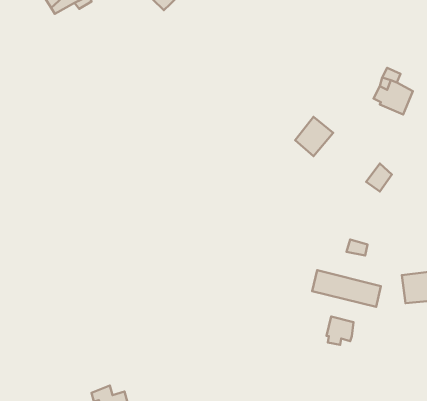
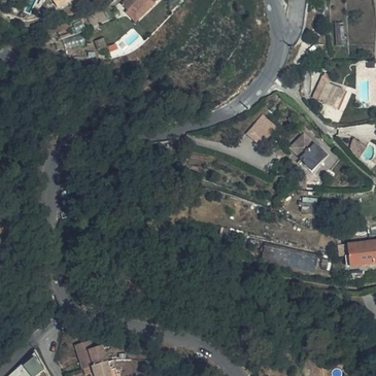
building: none -> [286,133,319,166]
building: [327,317,354,345] -> none

